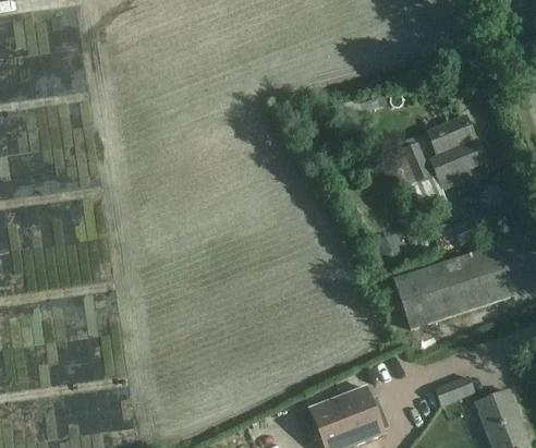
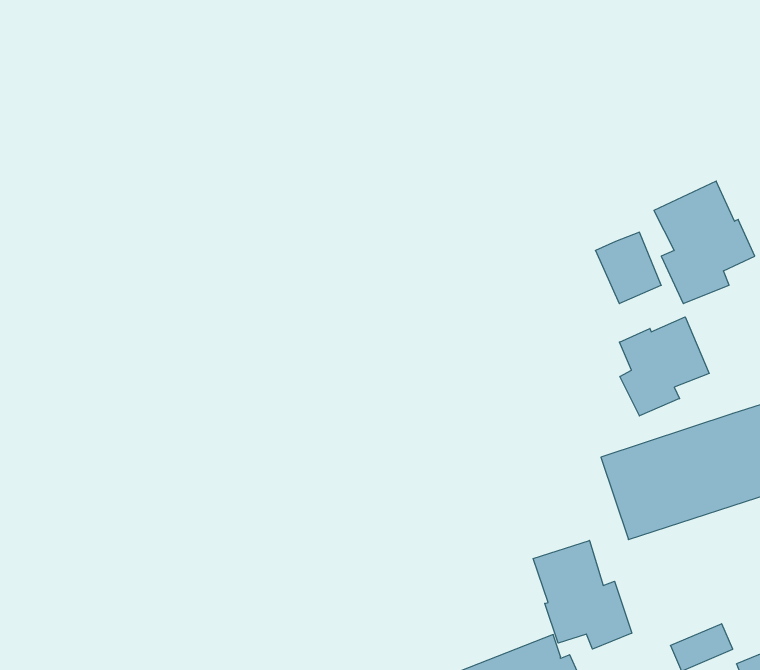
building: none -> [619,317,709,416]
building: none -> [533,540,632,649]

